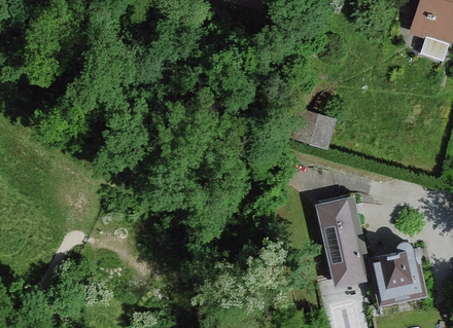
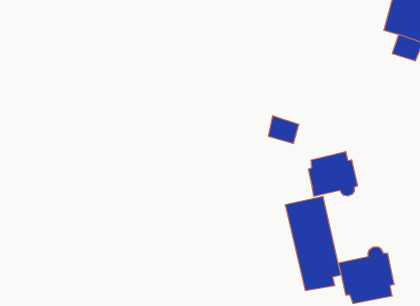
building: none -> [308,151,358,196]

